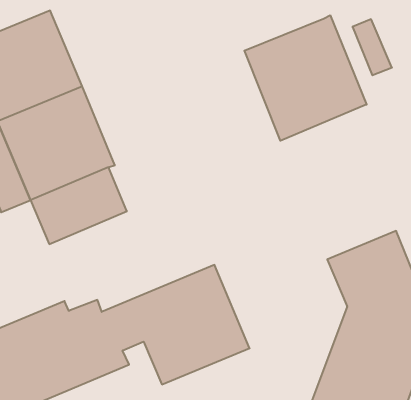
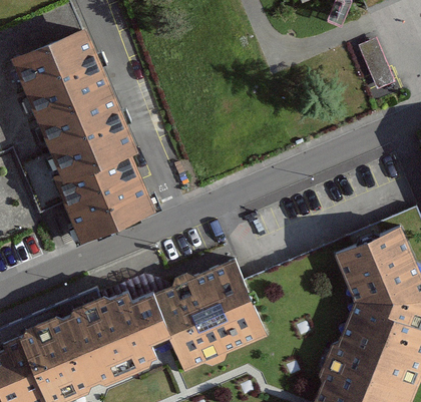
building: [244,15,367,141] -> none

